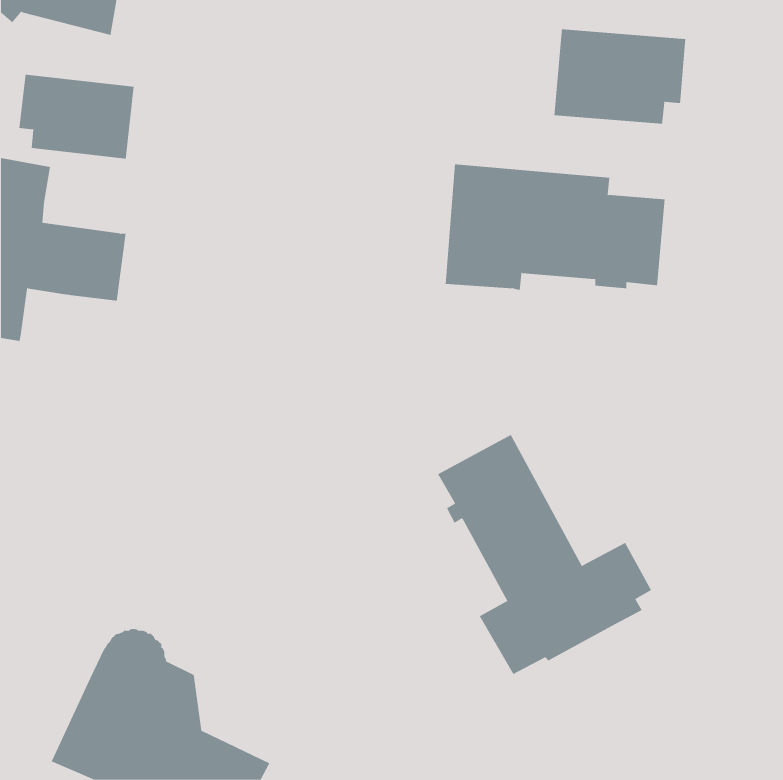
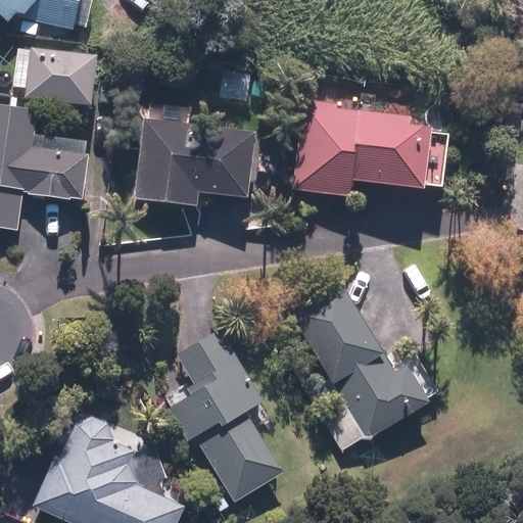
building: [554,28,686,125] -> none
building: none -> [136,121,250,205]
building: none -> [171,330,281,498]

